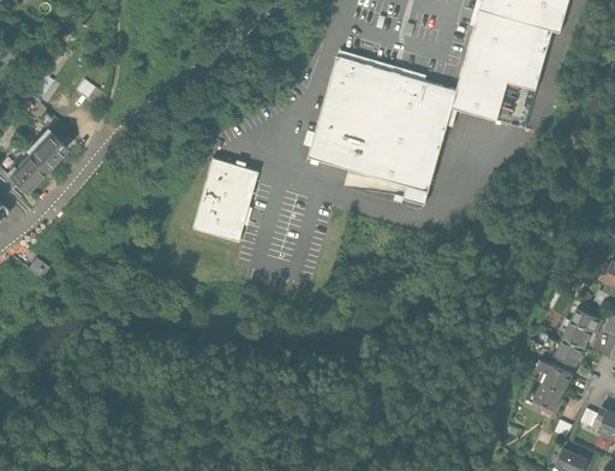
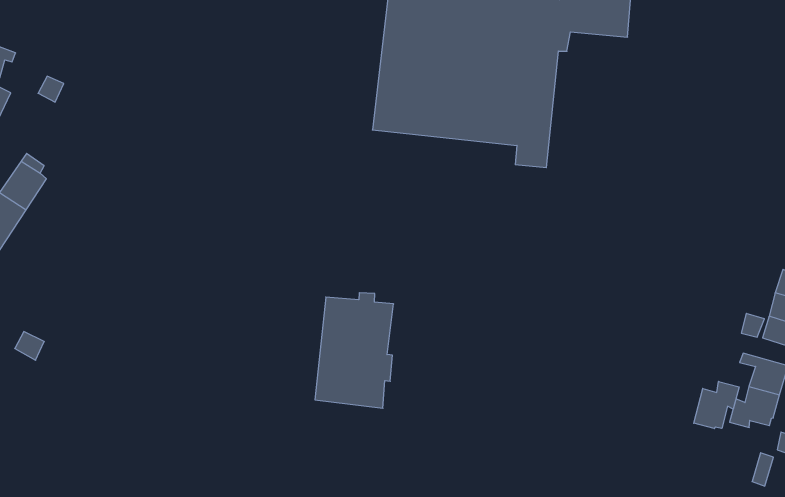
building: [191,155,258,240] -> [315,293,394,408]
building: none -> [694,381,739,429]

